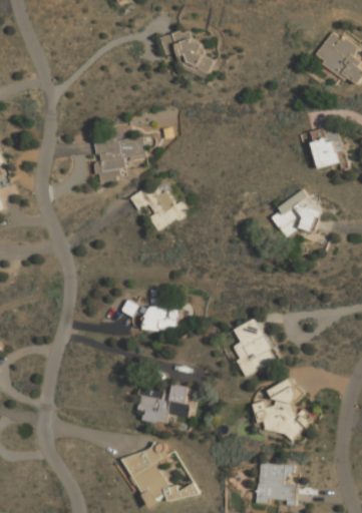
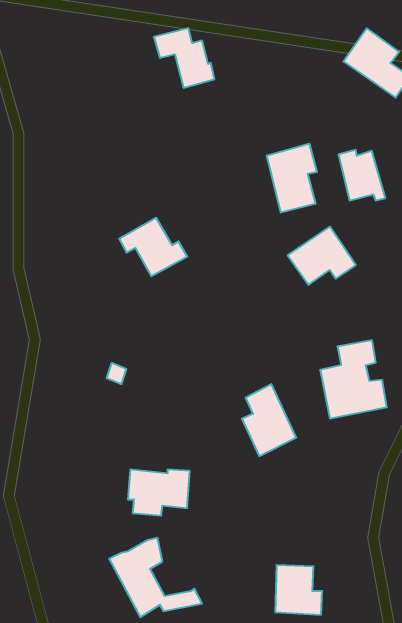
building: none -> [267,144,317,213]
building: [94,137,143,181] -> none
building: [142,306,179,330] -> none
building: [254,380,308,443] -> [320,340,387,418]

